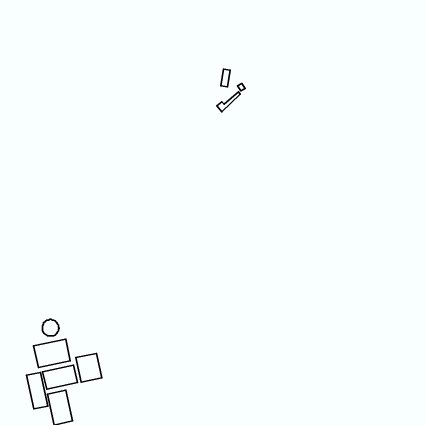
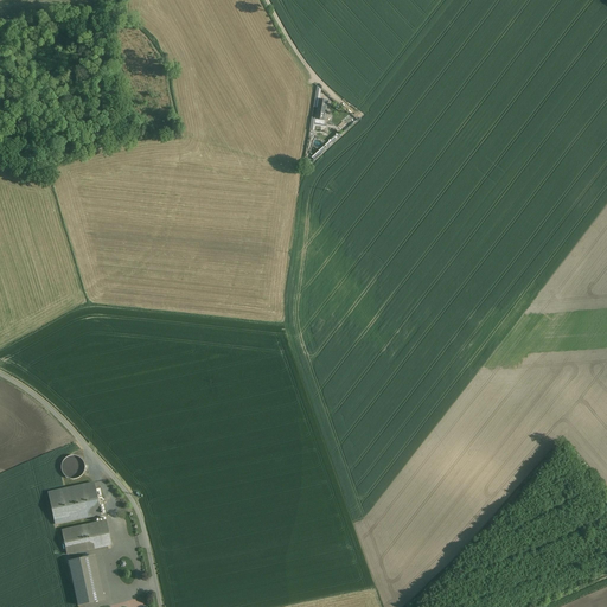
building: [76,354,102,382] -> none
building: [27,373,48,409] -> none

